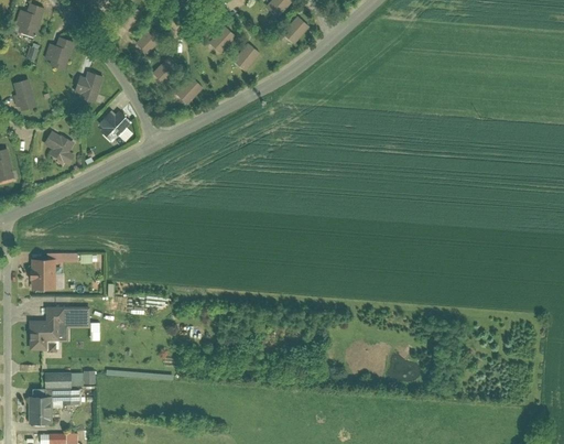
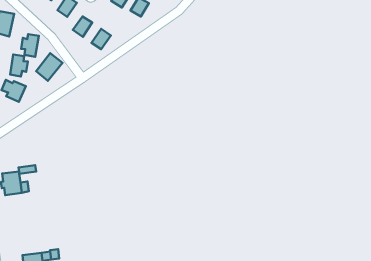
building: none -> [10,54,28,76]
building: [29,305,88,349] -> none

